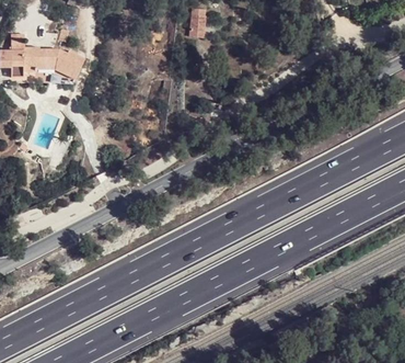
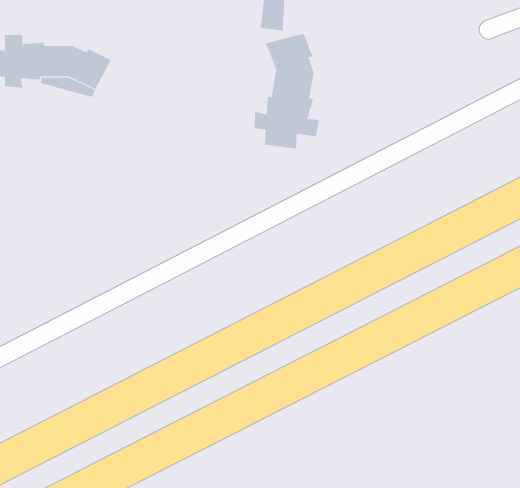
building: none -> [254,33,319,150]

